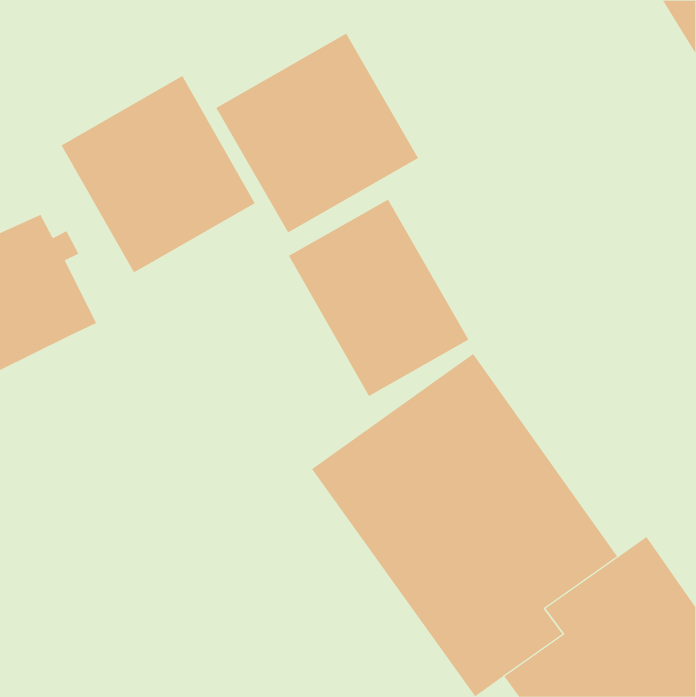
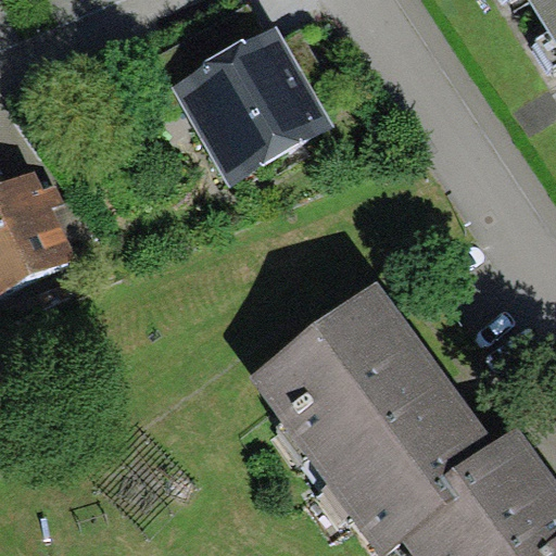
building: [61,75,256,273] -> none
building: [288,199,469,397] -> none

